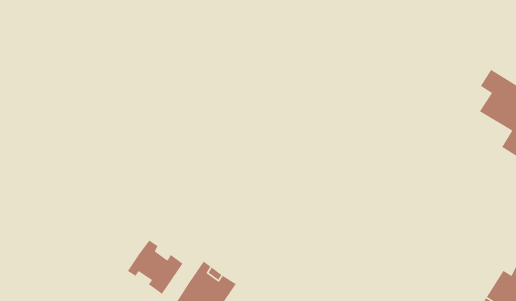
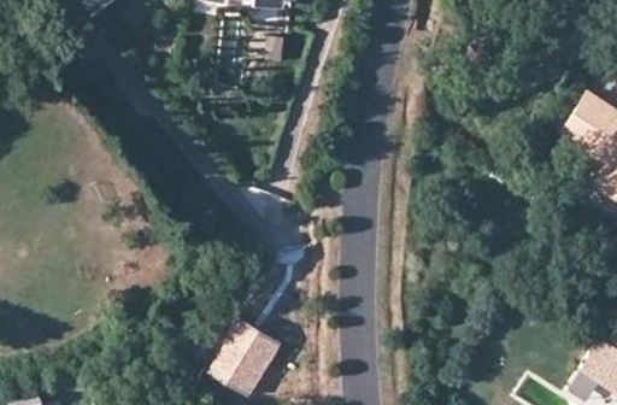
building: [127,239,184,295] -> none

